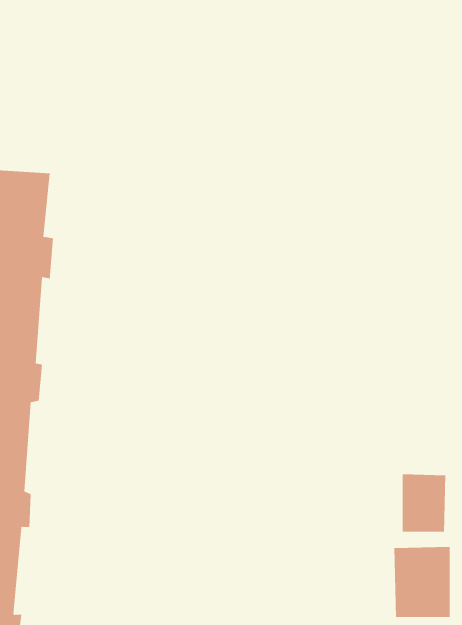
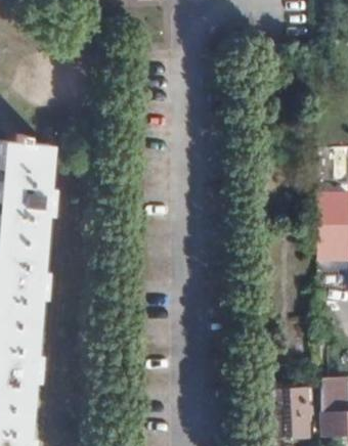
building: [402,474,446,533] -> none

